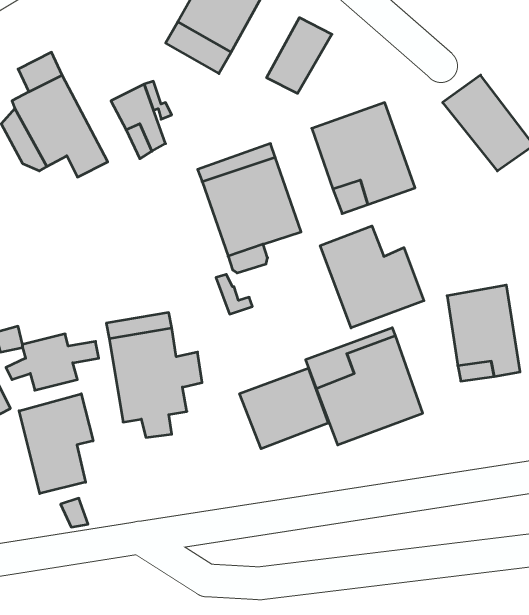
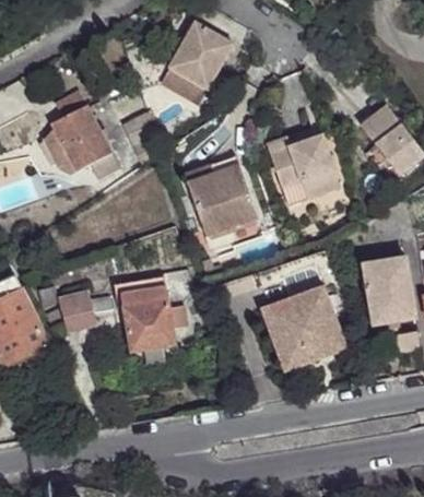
building: [267,18,332,93] -> none
building: [320,226,424,328] -> none
building: [240,368,328,449] -> none
building: [19,394,93,494] -> none

